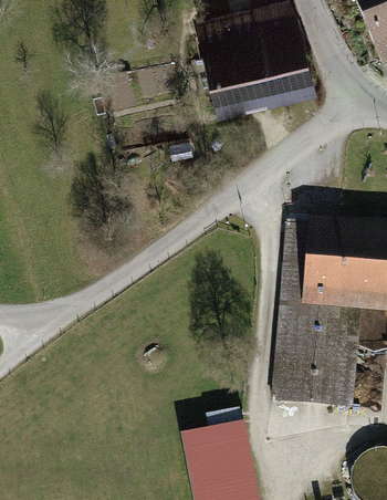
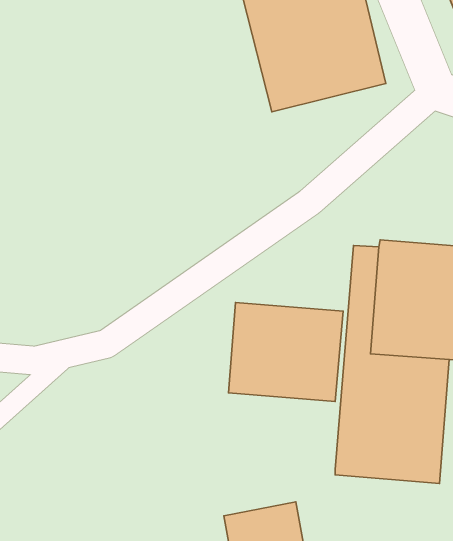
building: none -> [229,303,343,401]

